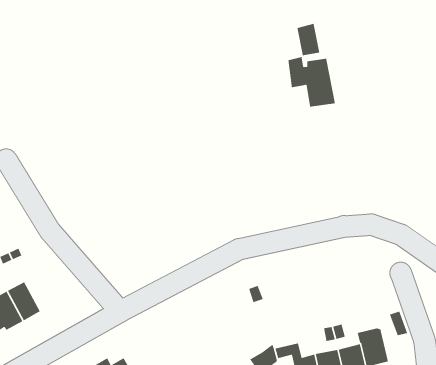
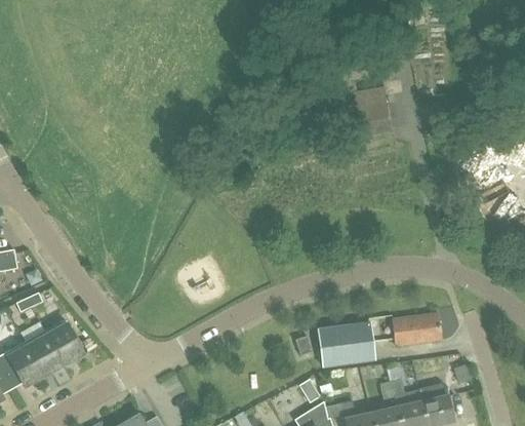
building: [296,23,320,56] -> none
building: none -> [392,313,441,346]
building: none -> [44,320,83,365]
building: none -> [318,322,374,366]

